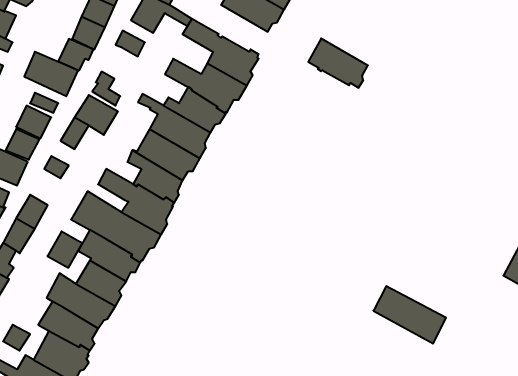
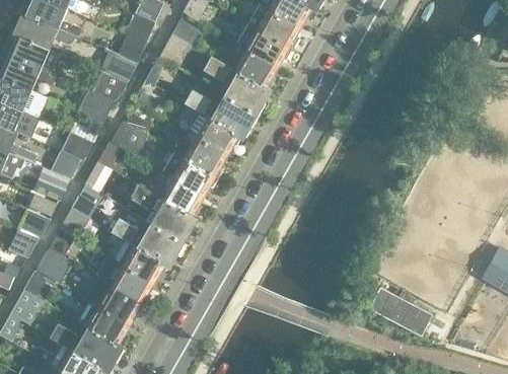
building: [308,38,368,88] -> [225,44,277,86]
building: [47,231,82,268] -> [71,185,101,217]

